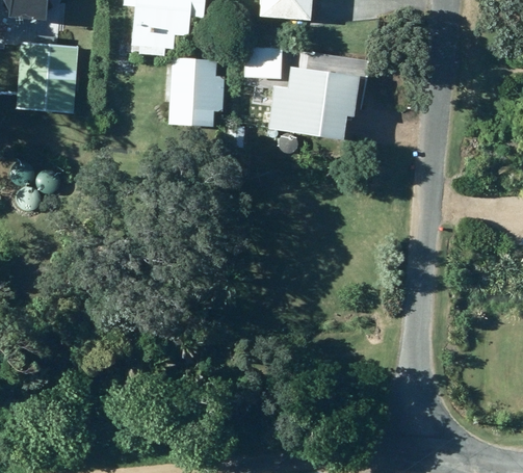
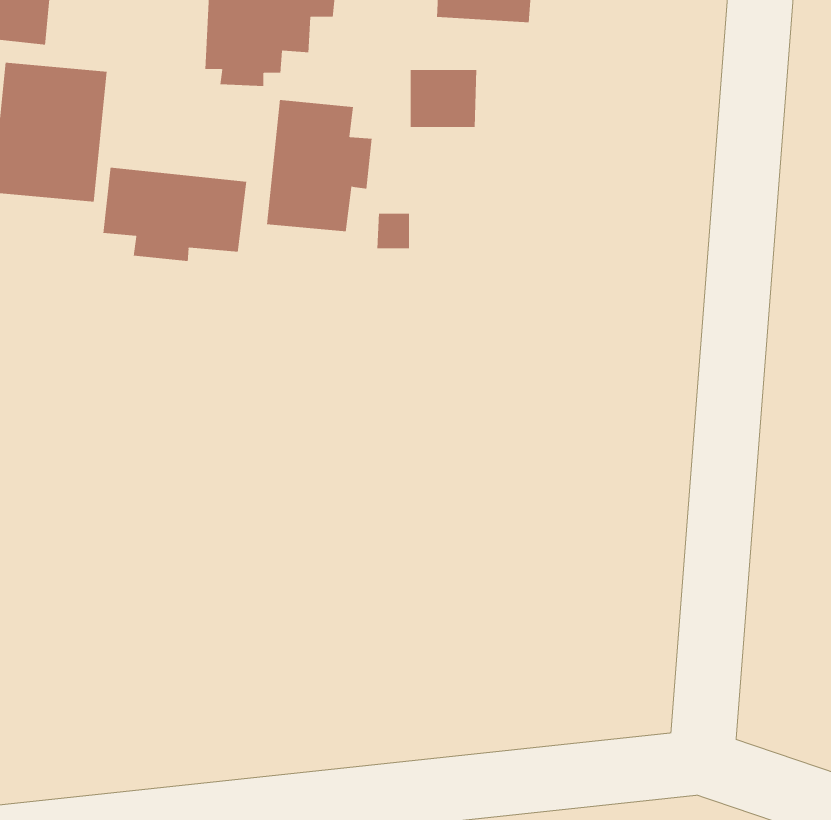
building: [269,71,359,142] -> none
building: none -> [103,167,247,262]

